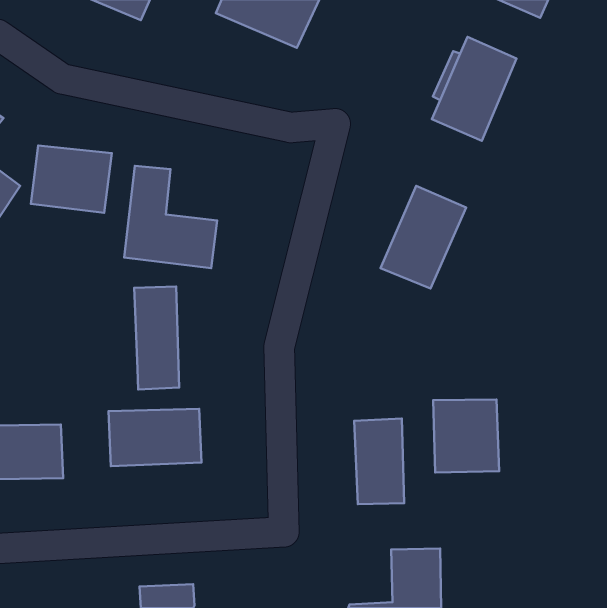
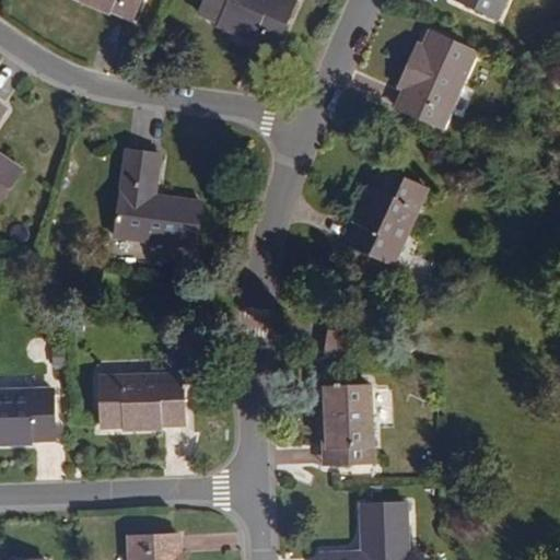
building: [31,145,112,213] -> none
building: [134,286,179,389] -> none
building: [433,400,499,473] -> none

